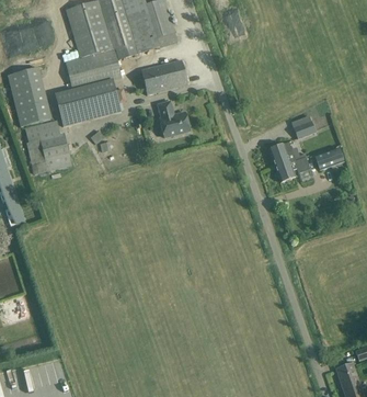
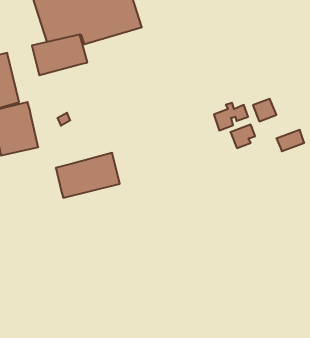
building: [140,59,187,93] -> none
building: [54,80,119,126] -> [56,153,120,198]
building: [156,101,188,137] -> none
building: [274,154,309,182] -> [214,103,248,131]

